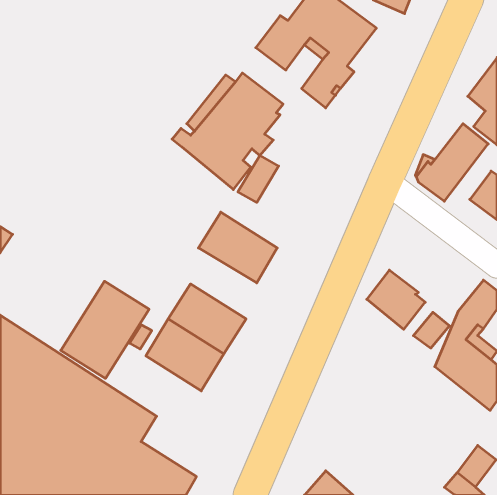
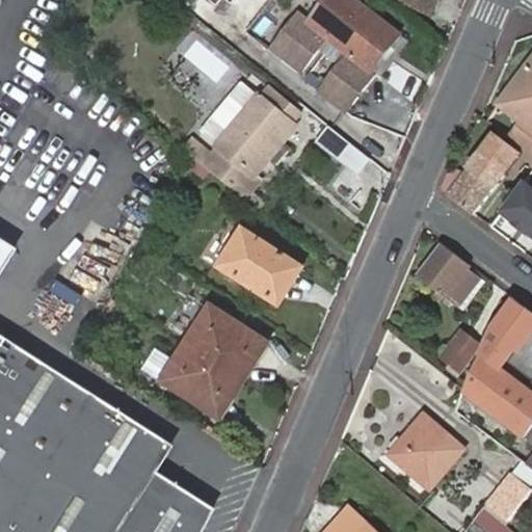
building: [238,156,279,202] -> none
building: [367,270,425,329] -> [419,243,481,307]
building: [61,281,149,378] -> none
building: none -> [393,417,463,487]

